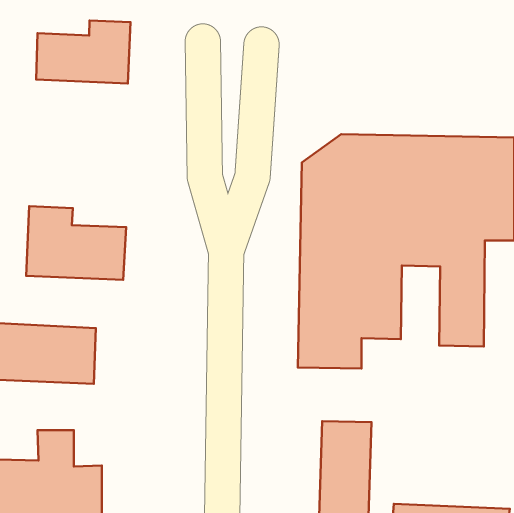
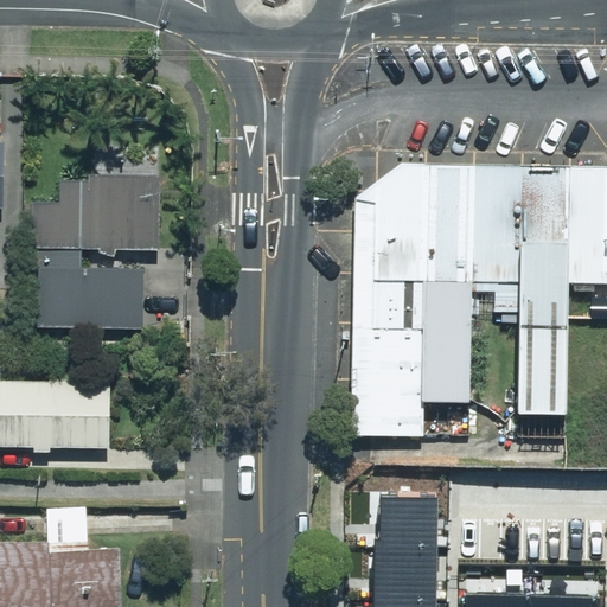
building: [36,21,130,84] -> none
building: none -> [34,179,161,250]

